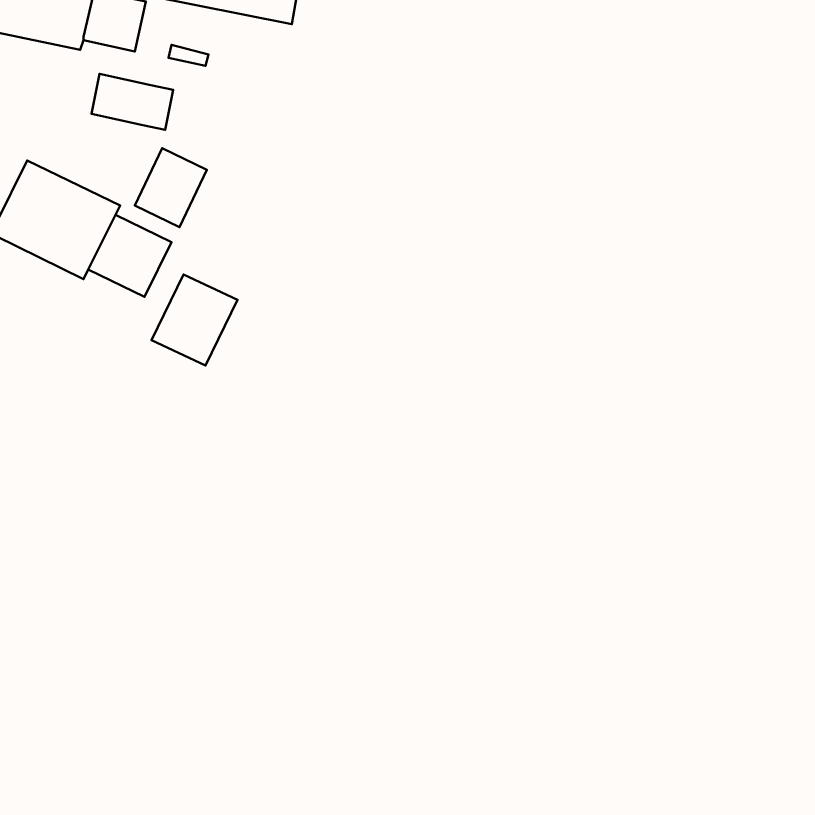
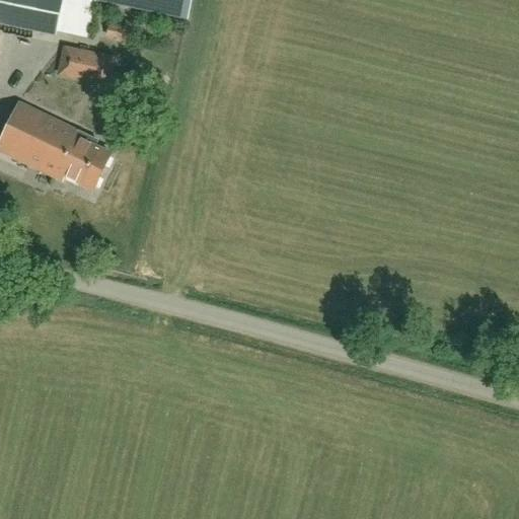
building: [135,148,207,227] -> none
building: [152,275,237,366] -> none

